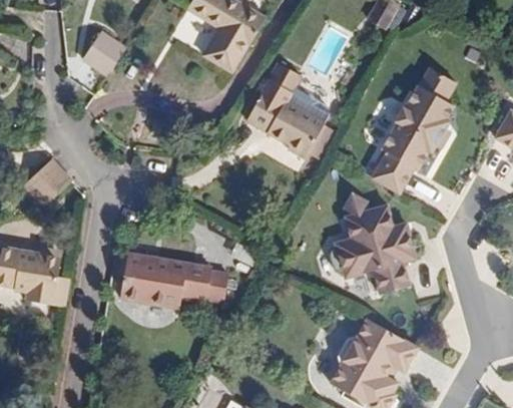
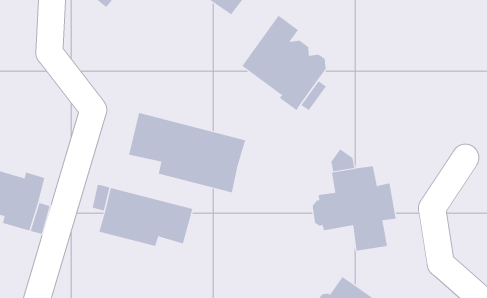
building: [372,62,460,193] -> none
building: [22,158,71,208] -> none
building: none -> [128,112,246,193]

